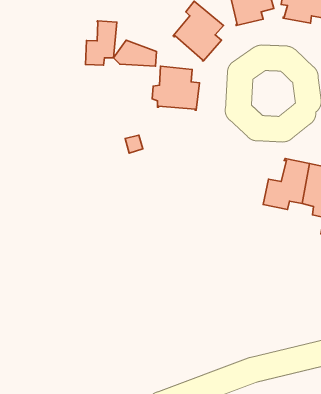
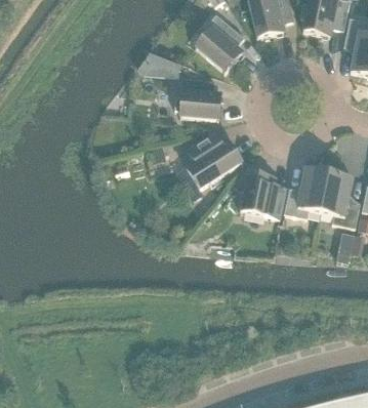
building: [85,21,117,65] -> none
building: none -> [185,132,242,189]
building: none -> [241,171,286,217]

